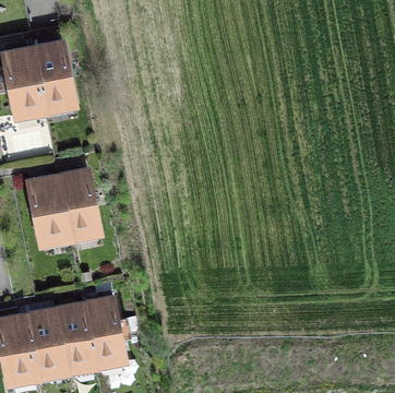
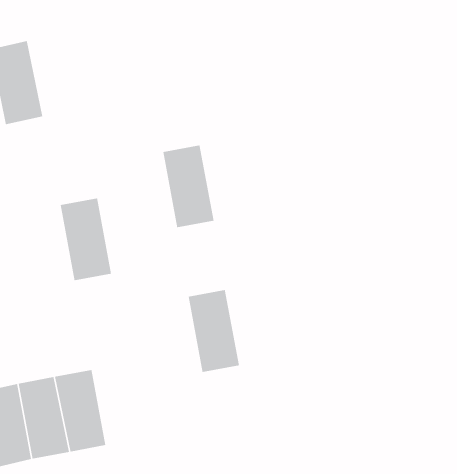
building: [33,45,74,109] -> none
building: [28,178,69,242] -> [162,145,214,228]
building: [83,300,123,365] -> [188,290,240,372]

